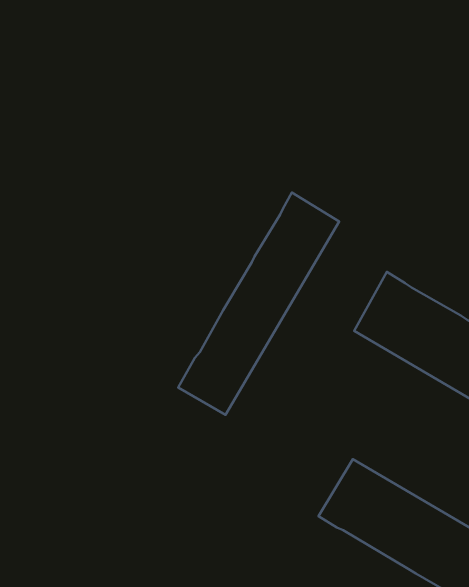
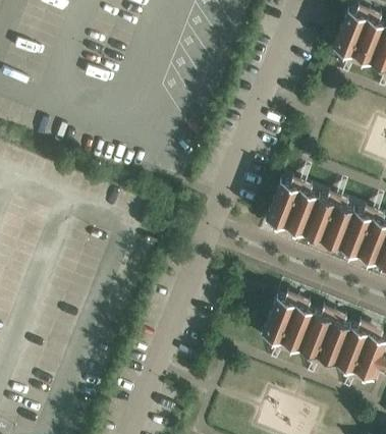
building: [178,192,339,415] -> none

